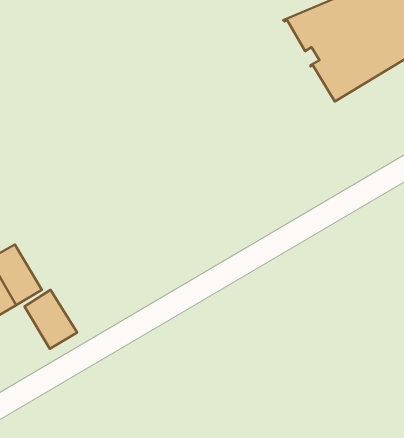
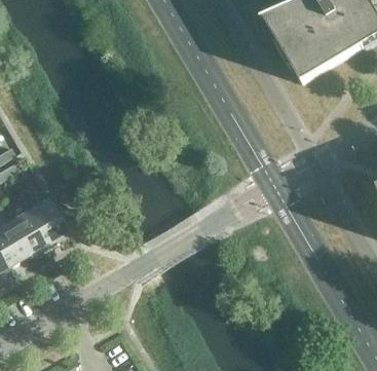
building: [25,290,77,349] -> none

